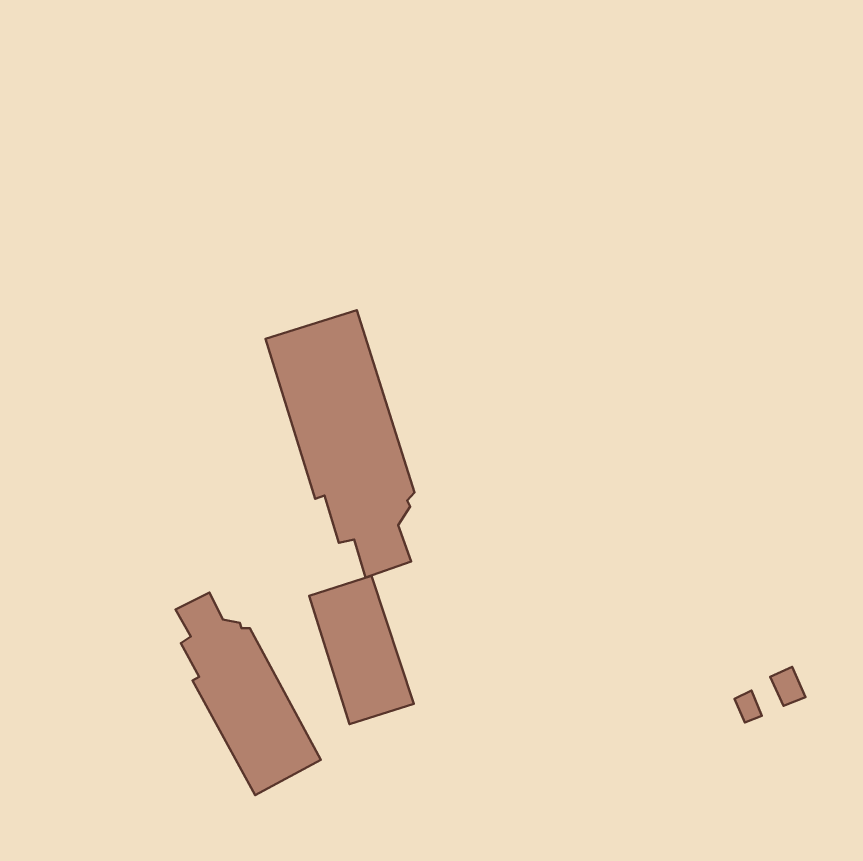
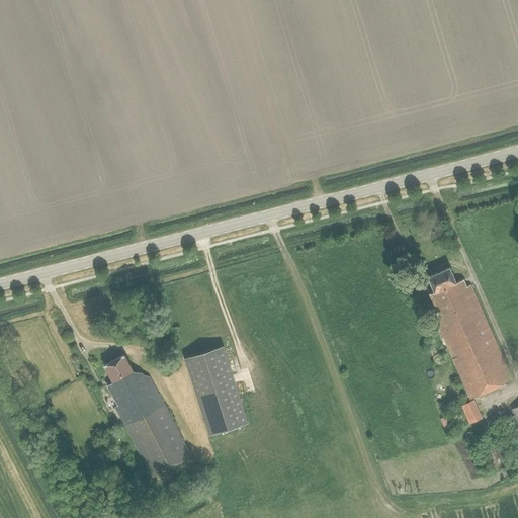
building: [266,310,415,577] -> none
building: none -> [428,268,513,399]

